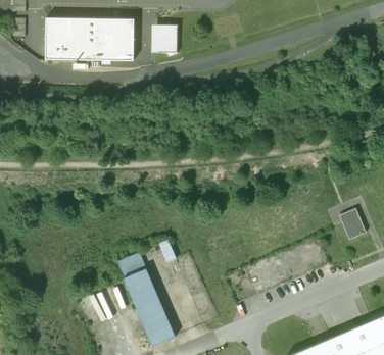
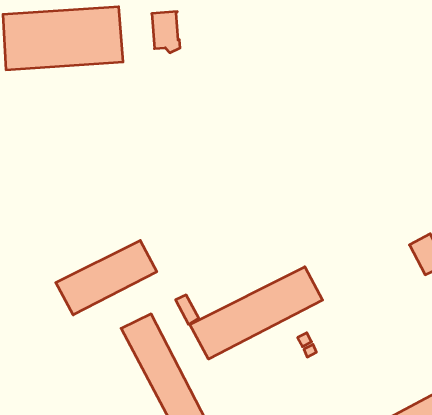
building: none -> [56,240,157,315]
building: none -> [190,267,323,359]

